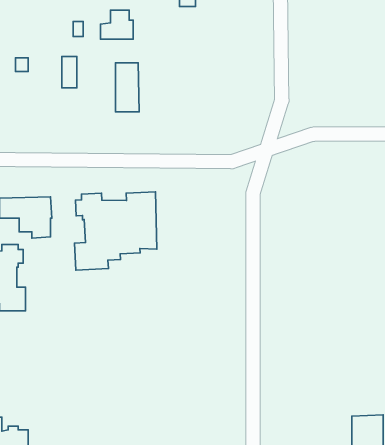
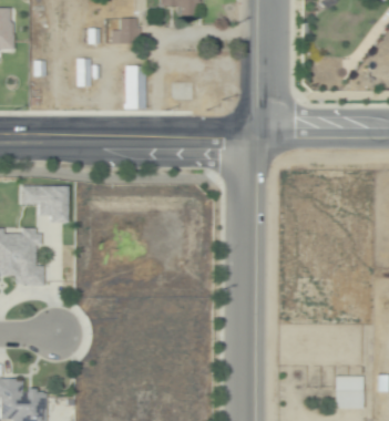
building: [75,192,157,270] -> none

